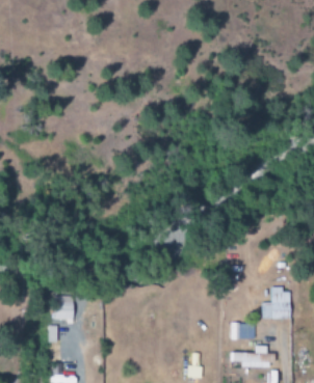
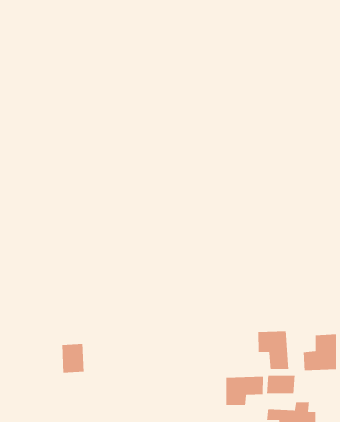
building: none -> [257,330,289,370]
building: none -> [225,376,264,406]

